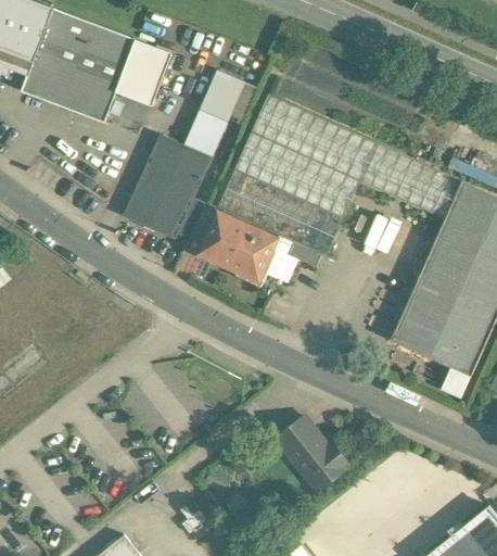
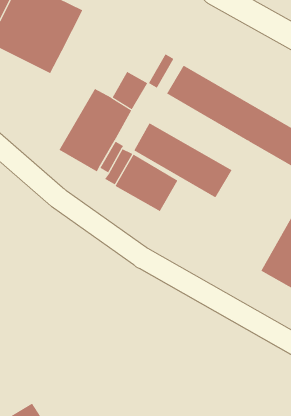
building: [116,39,173,106] -> none
building: [199,70,244,122] -> none
building: [233,132,359,219] -> none
building: [276,416,349,492] -> none

